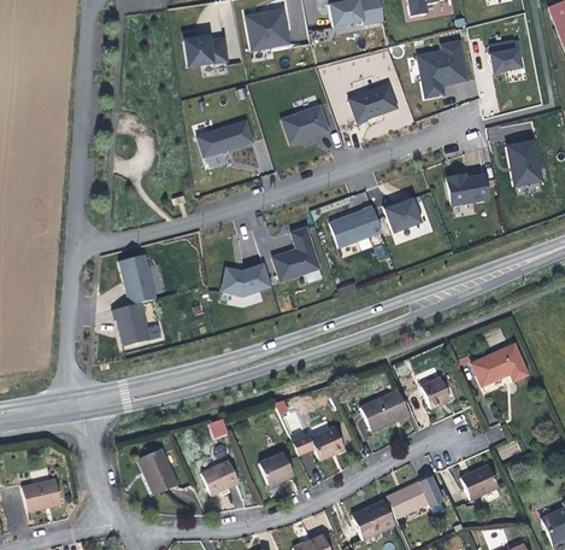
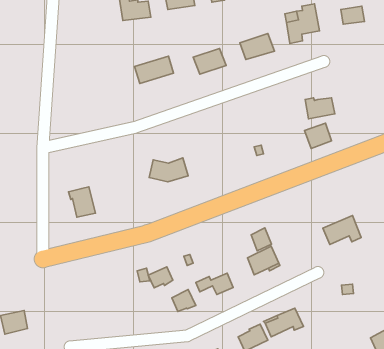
building: [507,141,541,187] -> none
building: [383,194,422,230] -> [304,123,332,148]
building: [329,206,382,248] -> none
building: [271,228,319,282] -> none
building: [118,254,155,305] -> none
building: [422,375,451,408] -> [251,228,271,251]
building: [140,446,176,492] -> none
building: [201,461,236,491] -> [148,267,173,288]
building: [460,463,498,498] -> none

